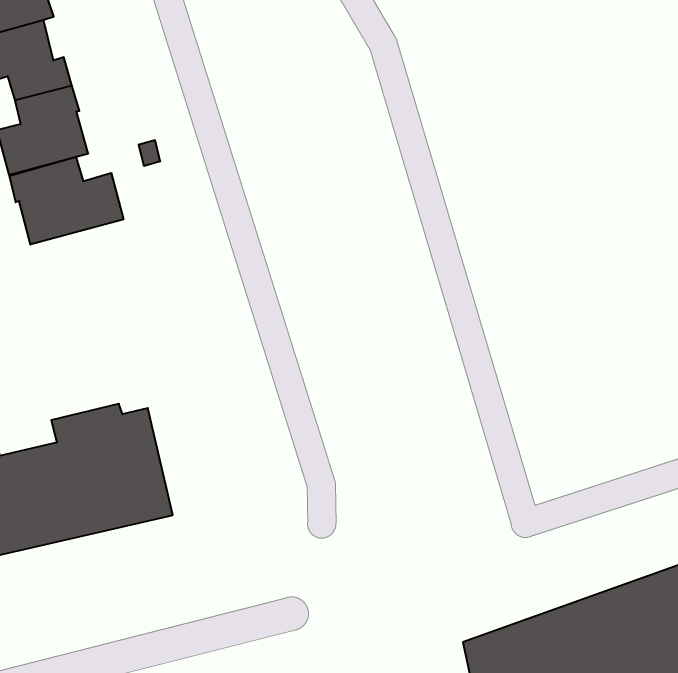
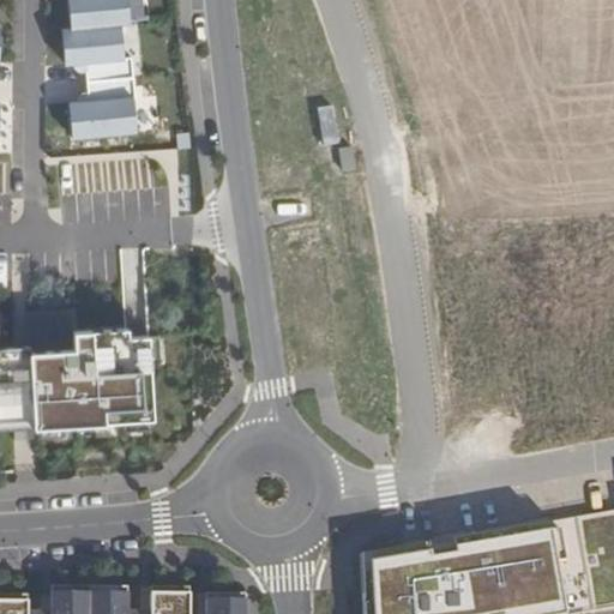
building: [9,157,123,245] -> none

